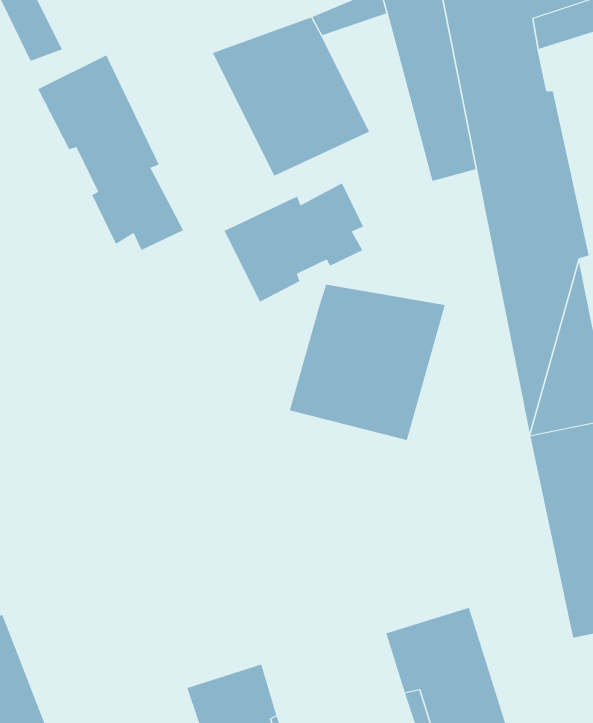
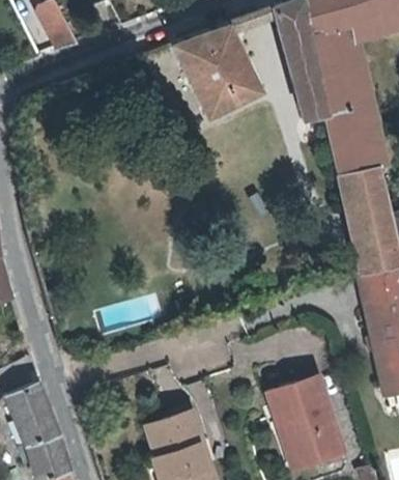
building: [38,54,184,251] -> none
building: [224,182,364,303] -> none
building: [289,284,446,441] -> none

